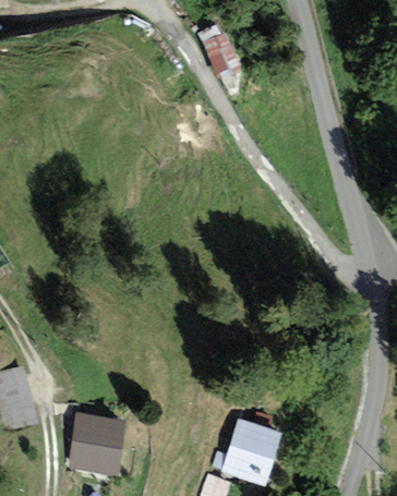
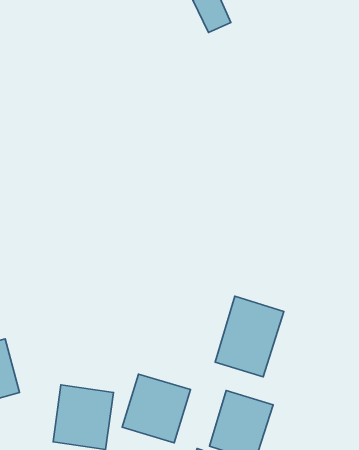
building: none -> [215,296,284,377]
building: none -> [122,374,191,443]

